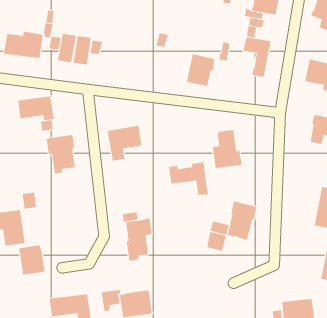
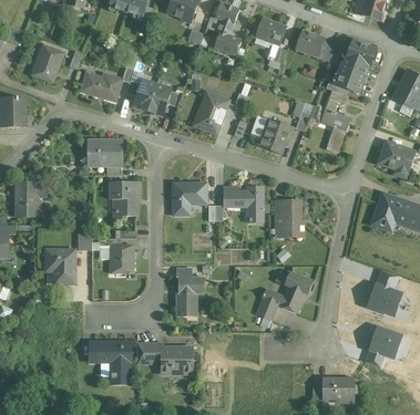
building: none -> [196,91,228,132]
building: [168,162,209,195] -> [224,187,260,220]
building: [19,245,45,275] -> [110,245,133,272]

